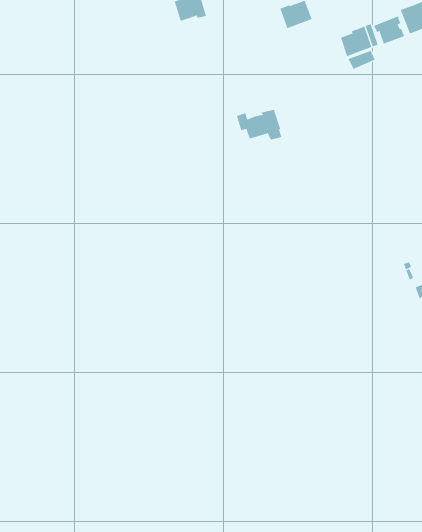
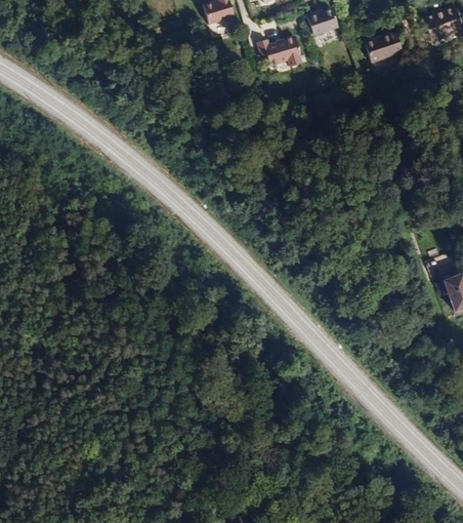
building: [373,16,405,44] -> none
building: [236,109,282,140] -> [258,38,302,68]

